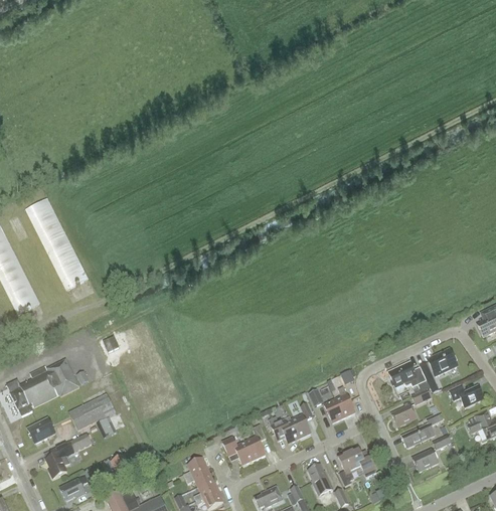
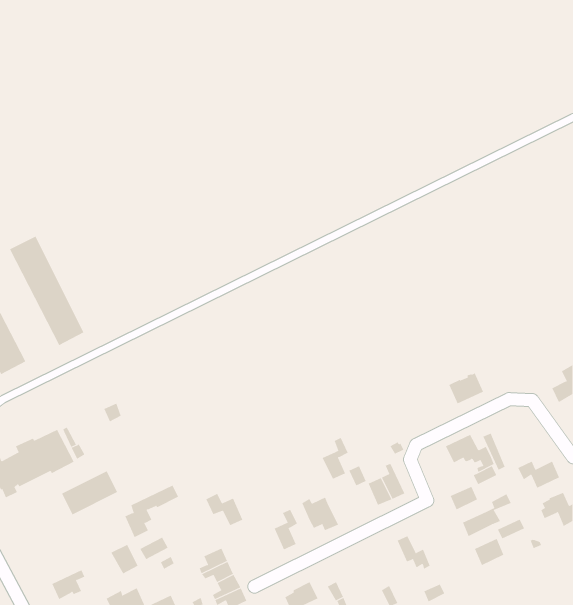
building: [428,349,457,375] -> [449,373,484,404]
building: [291,402,313,438] -> [322,437,348,480]
building: [27,417,55,443] -> none
building: [46,433,92,477] -> [125,485,179,538]
building: [222,437,254,464] -> [206,493,243,526]
building: [338,451,356,486] -> none
building: [308,464,333,495] -> none

